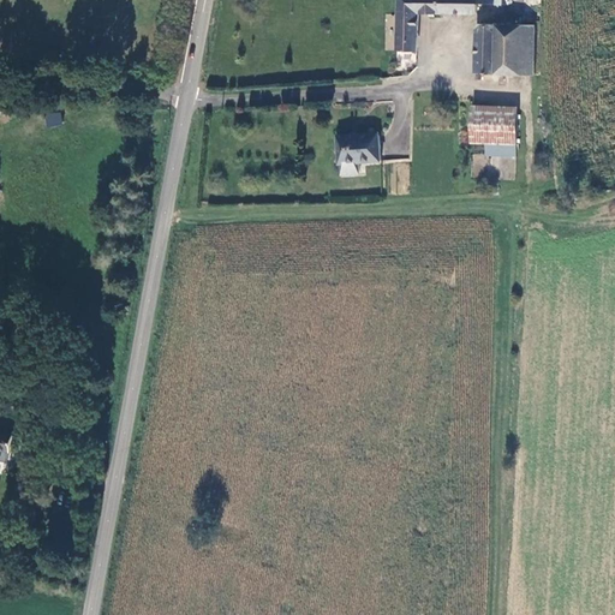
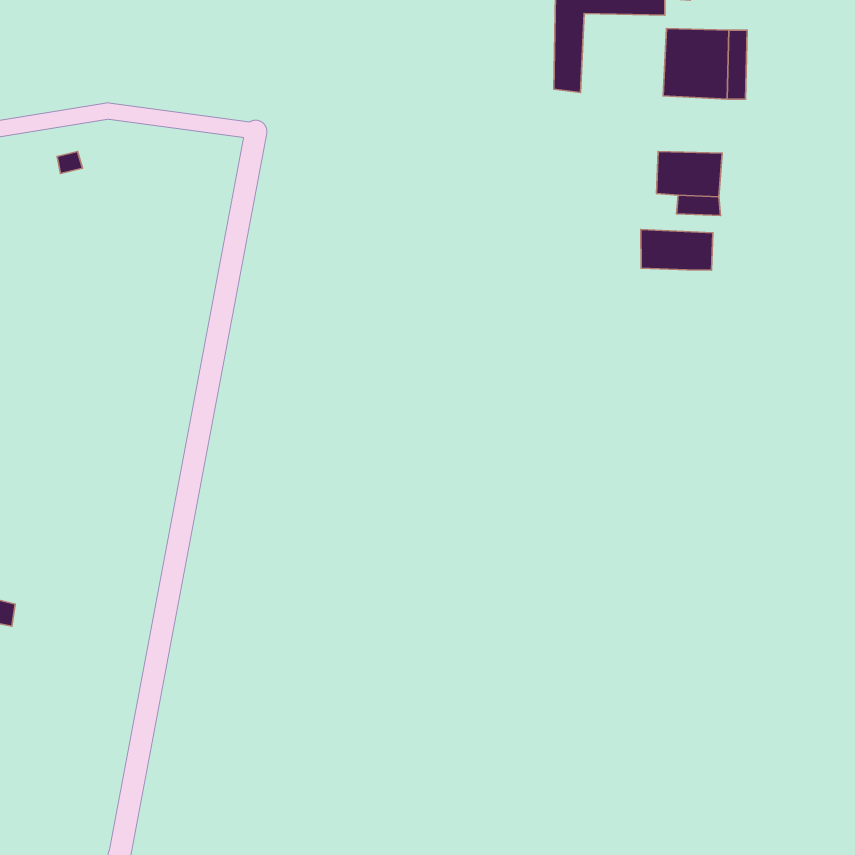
building: [336,130,378,161] -> none
building: none -> [641,229,713,270]

